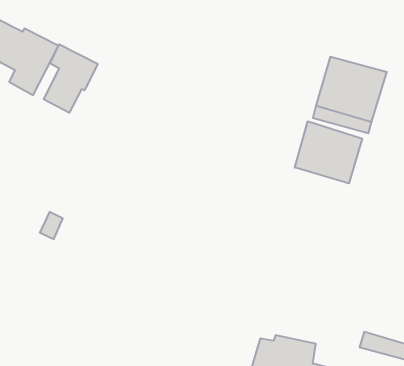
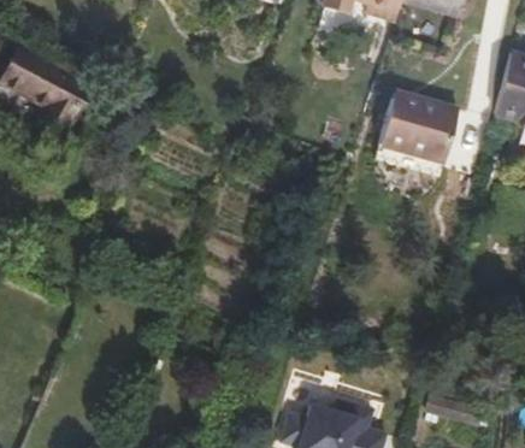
building: [44,44,98,113] -> none
building: [295,121,362,183] -> none

